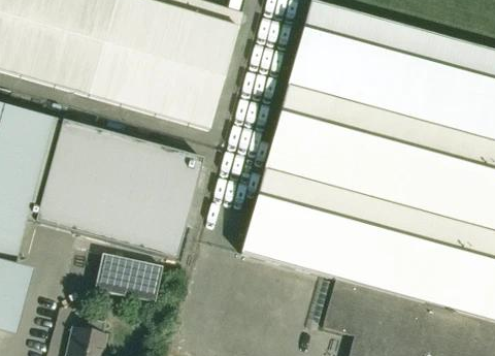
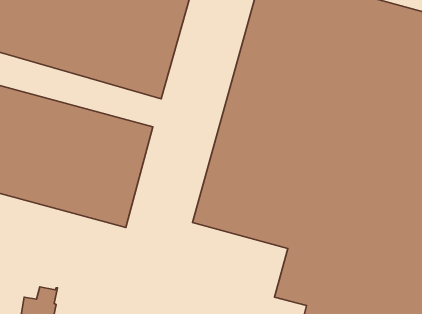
building: [95,251,163,300] -> none

